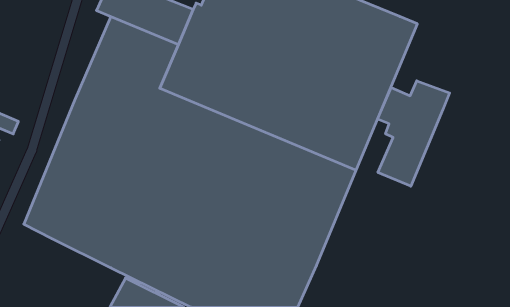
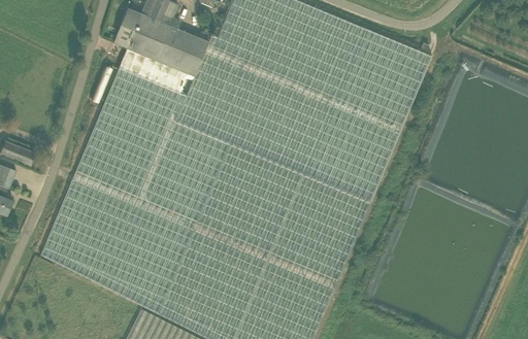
building: [378,81,450,186] -> none

